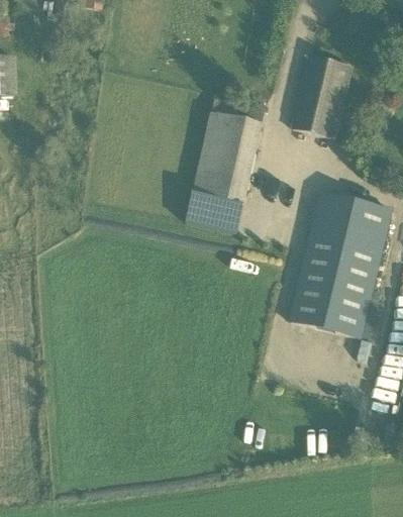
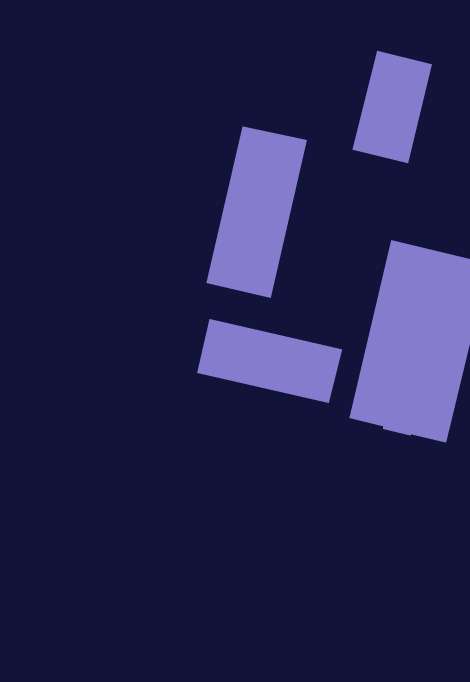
building: none -> [197,318,343,404]

